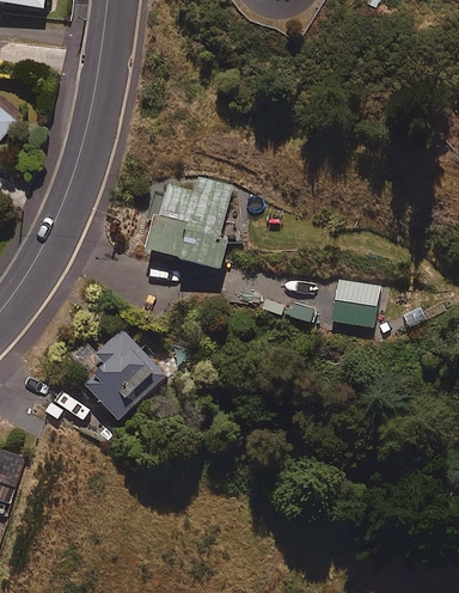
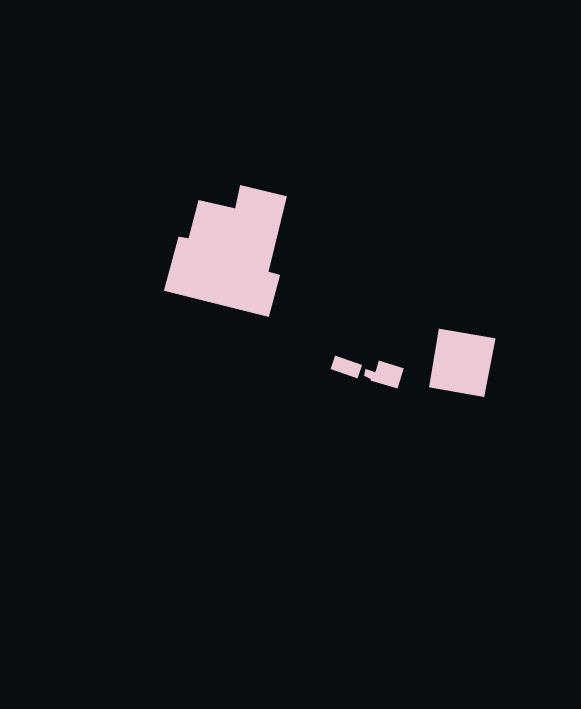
building: [71,328,166,422] -> none

